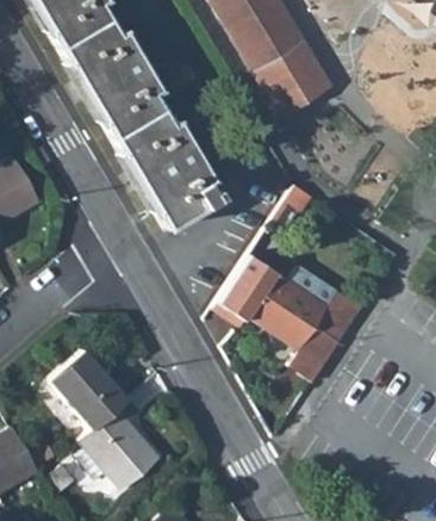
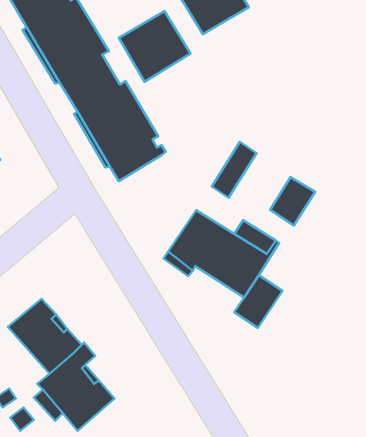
building: [256,39,332,114] -> [119,11,190,82]
building: [316,290,363,341] -> [270,177,315,225]

